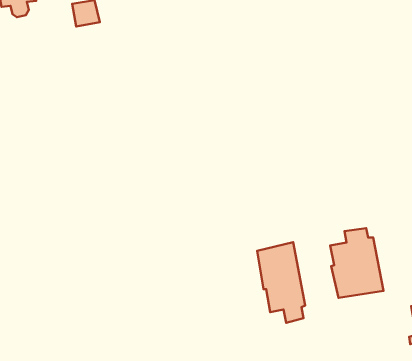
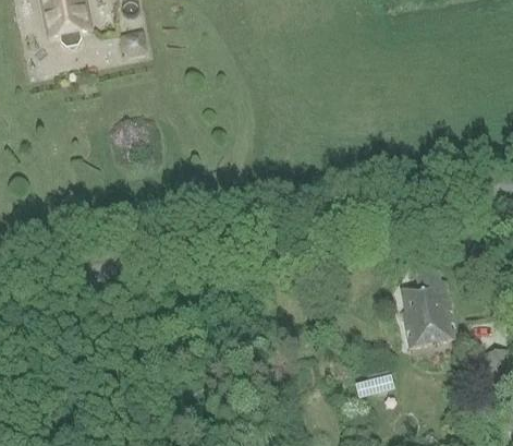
building: [257,242,305,323] -> none

